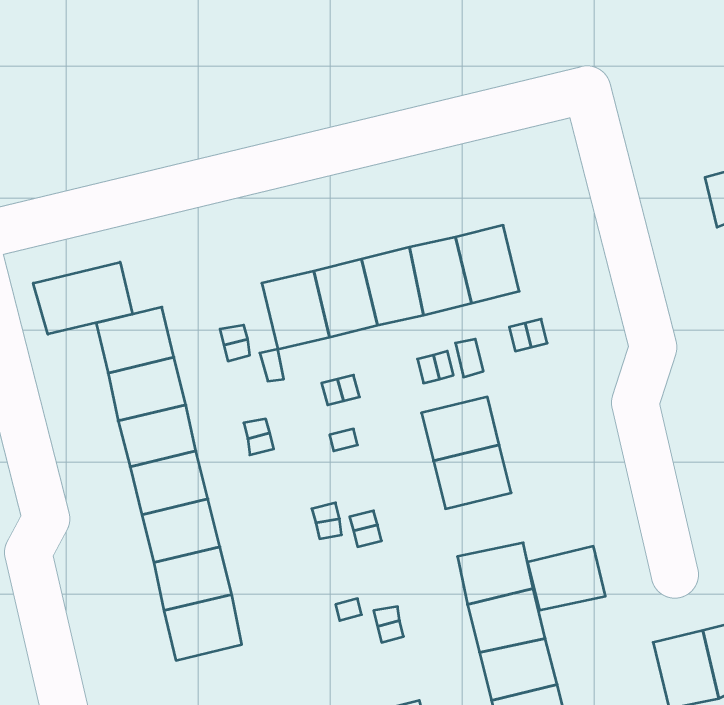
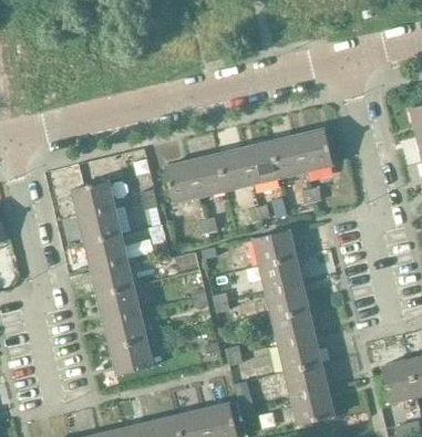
building: none -> [297,127,332,170]
building: [33,262,132,334] -> none
building: [528,546,605,610] -> [265,282,308,318]

